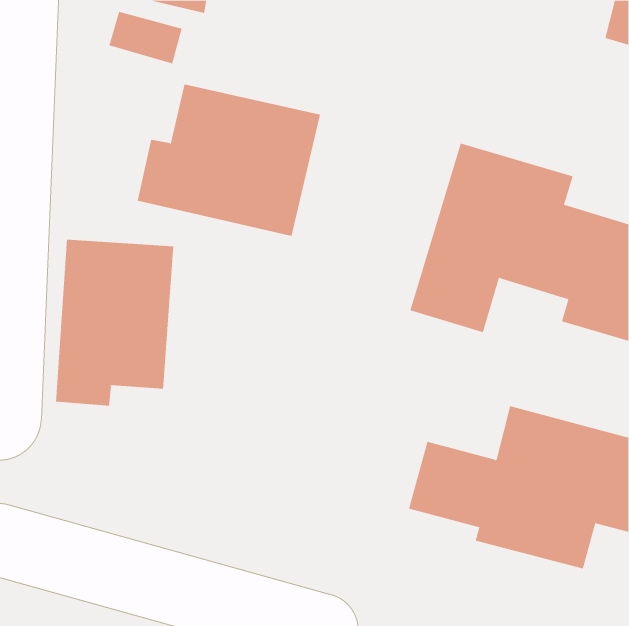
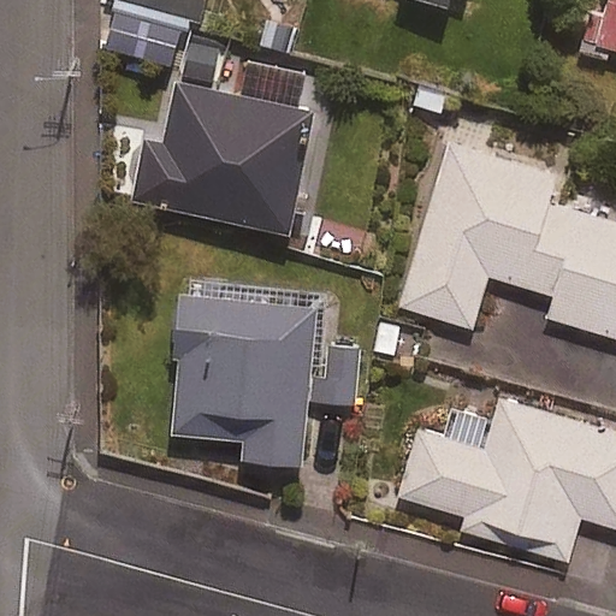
building: [55,239,174,406] -> none
building: none -> [173,282,361,463]

